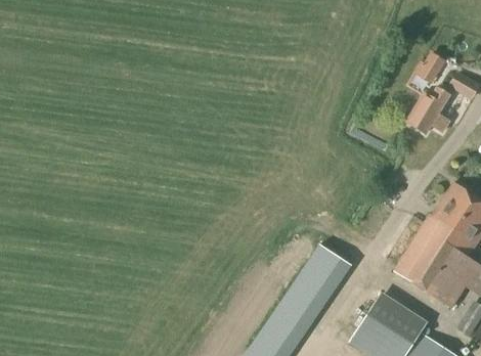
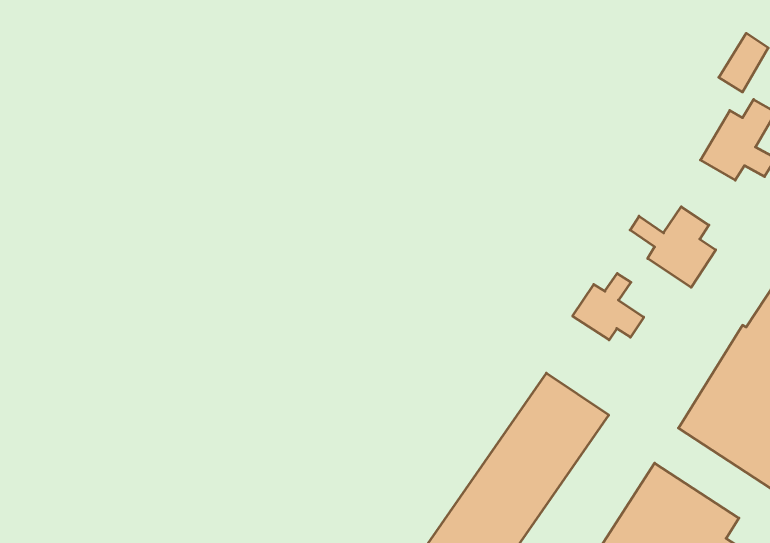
building: none -> [630,207,716,287]
building: none -> [573,273,644,340]

